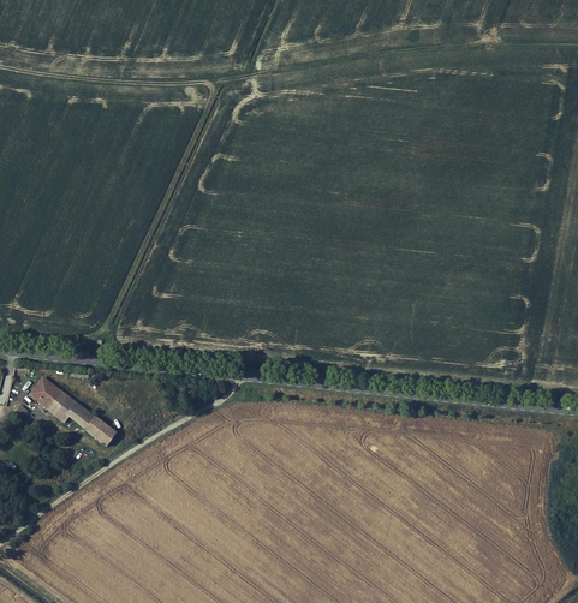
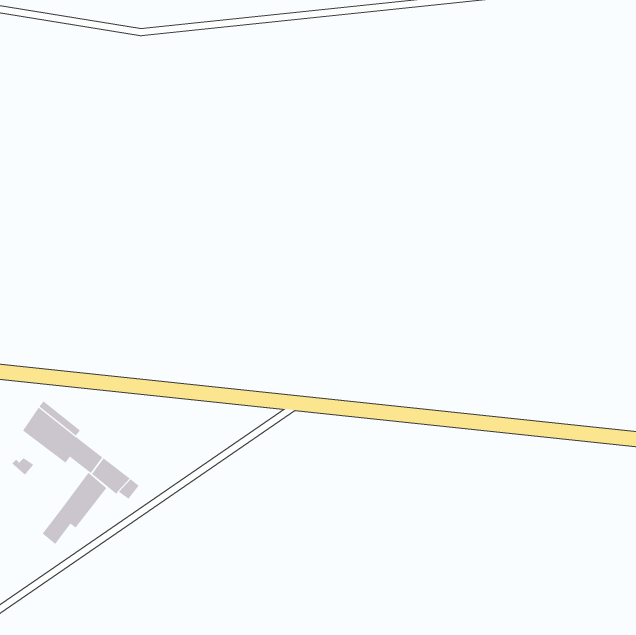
building: none -> [42,472,107,545]

